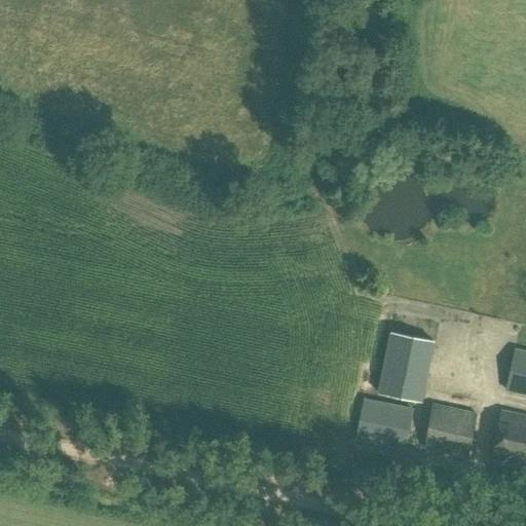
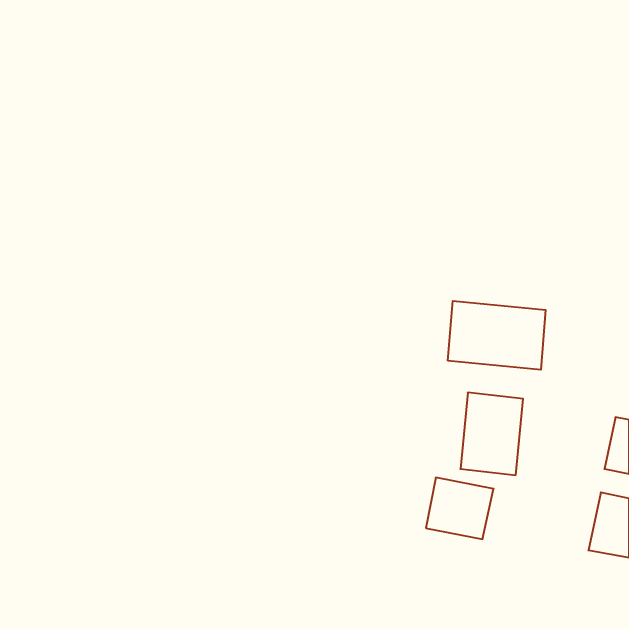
building: none -> [448,301,546,370]
building: [424,406,476,457] -> none

